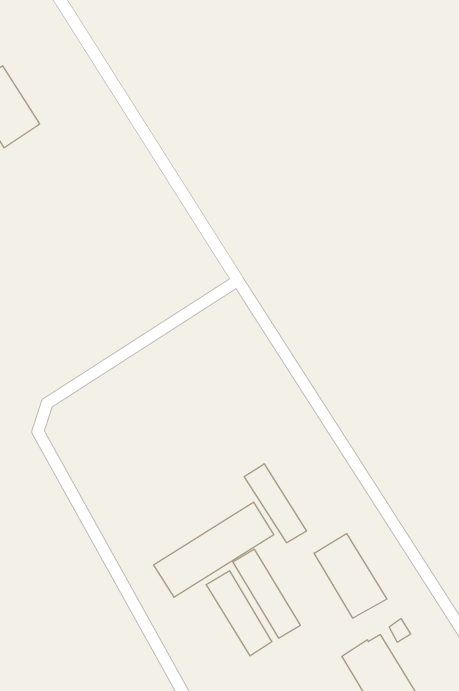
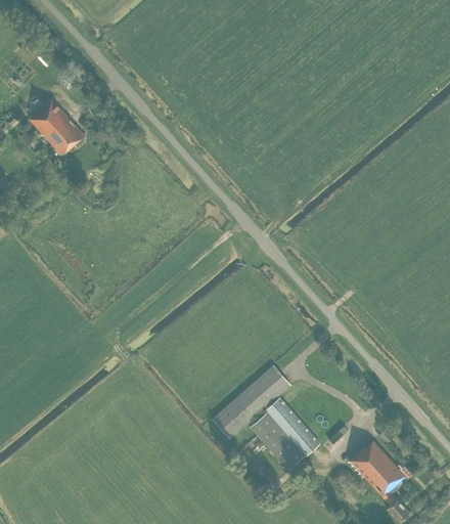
building: [244,464,306,543] -> none
building: [314,534,387,618] -> none

